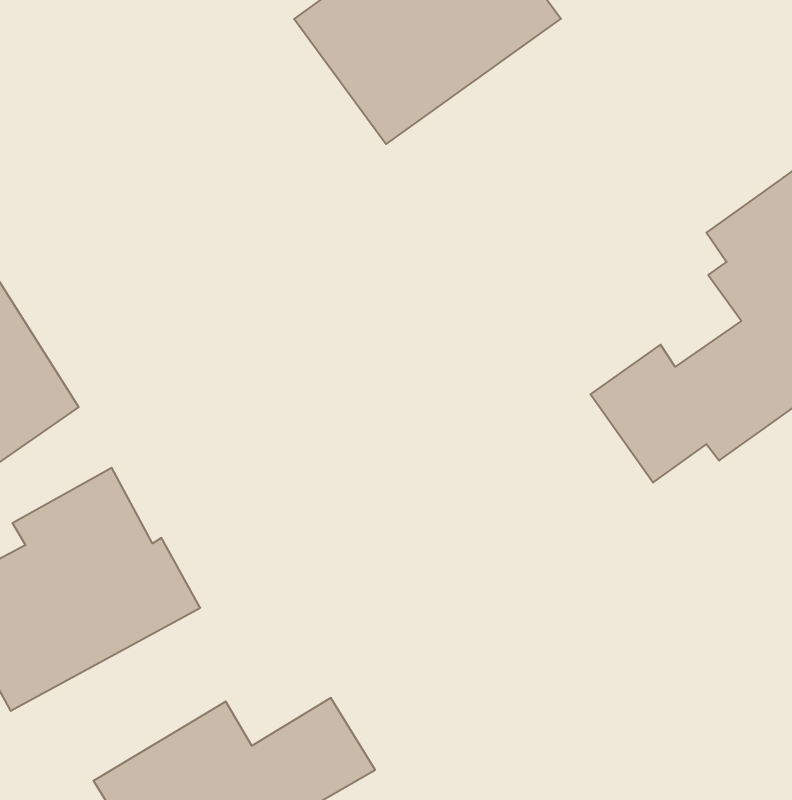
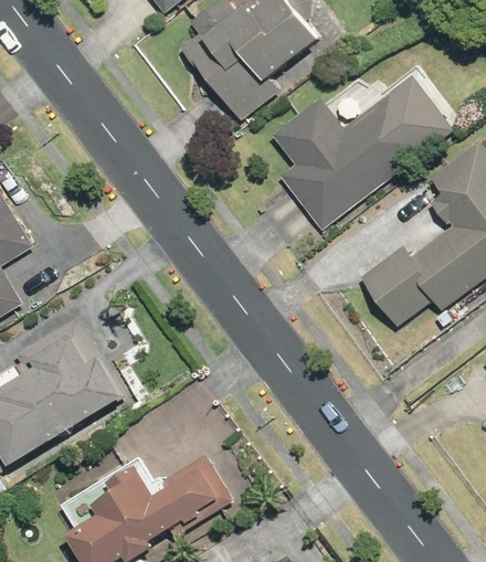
building: none -> [273,77,452,229]

